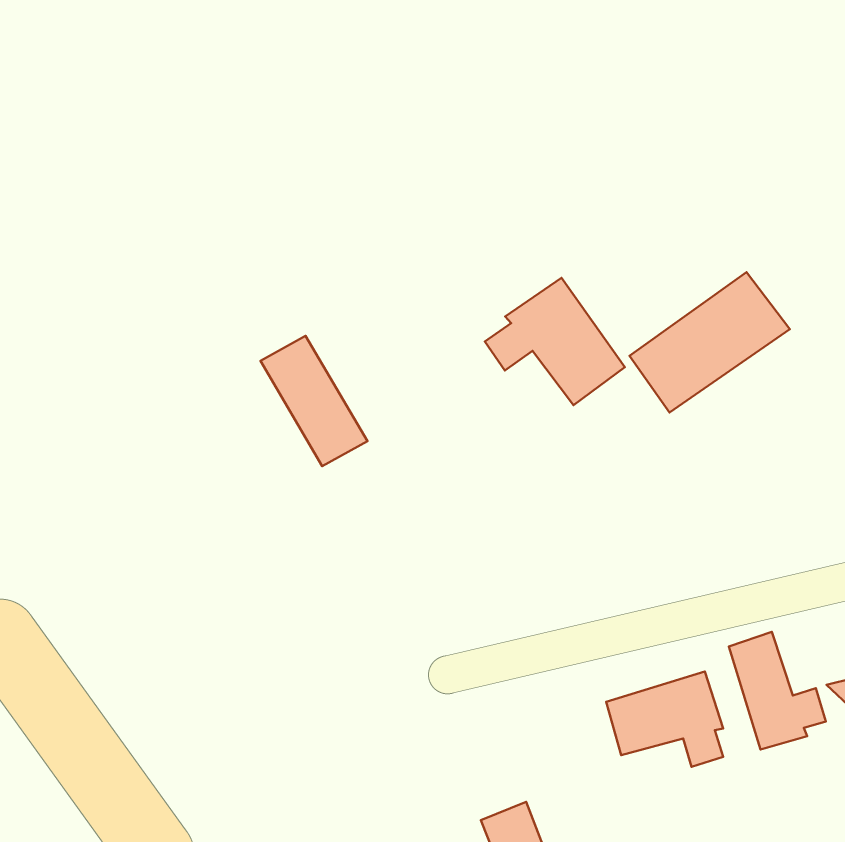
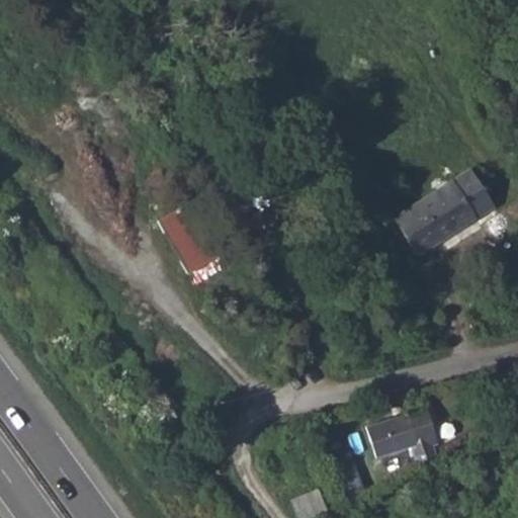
building: [485,278,625,405] -> none
building: [729,632,826,749] -> none

